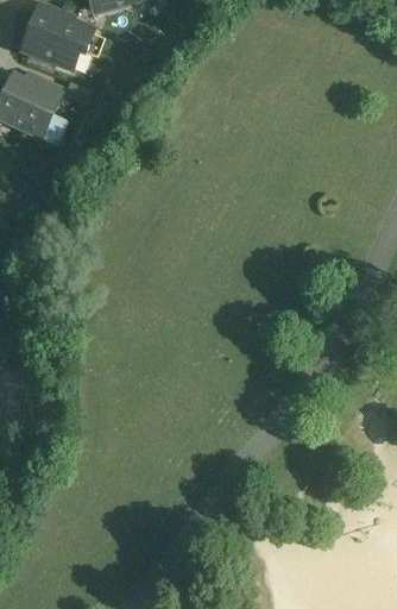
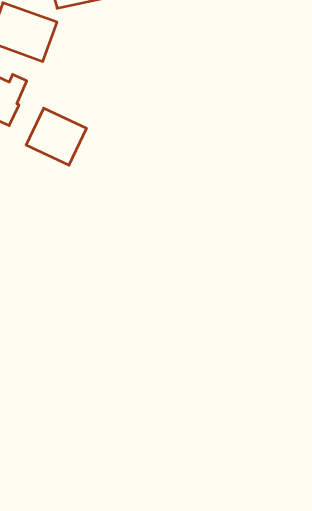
building: none -> [26,108,86,165]

